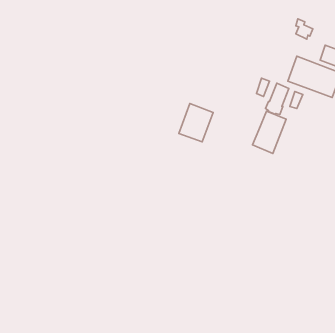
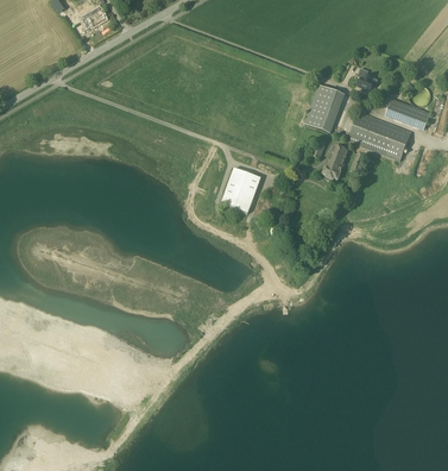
building: none -> [305,83,343,131]
building: [252,111,286,153] -> none

